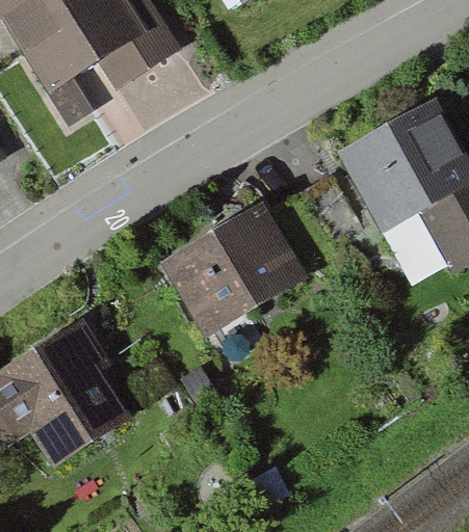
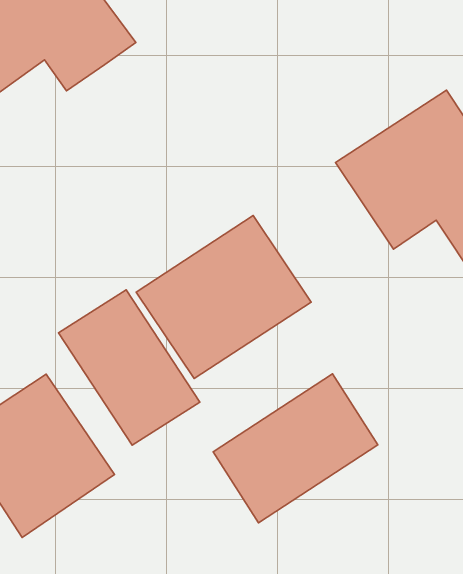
building: none -> [59,290,200,445]
building: none -> [213,374,378,523]

